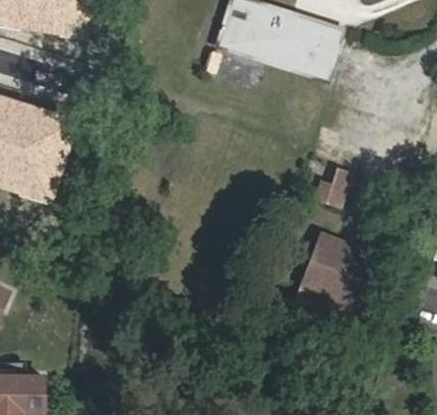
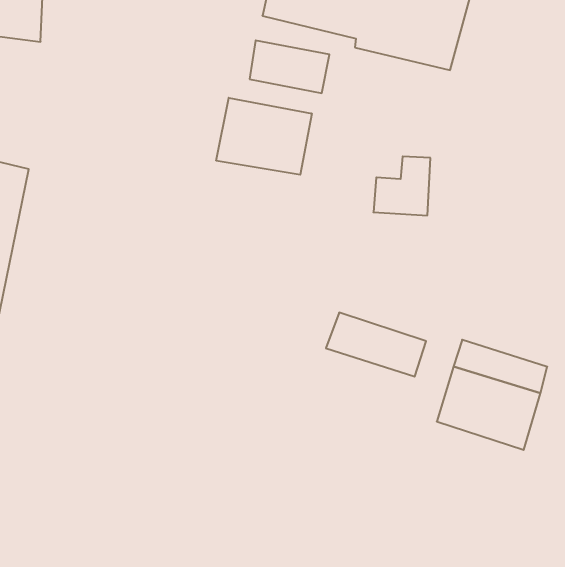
building: none -> [216,98,312,175]
building: [314,167,350,203] -> [373,156,430,215]
building: [293,281,352,322] -> [326,313,426,377]

